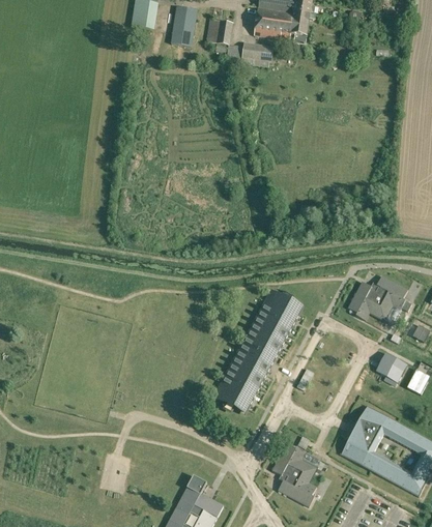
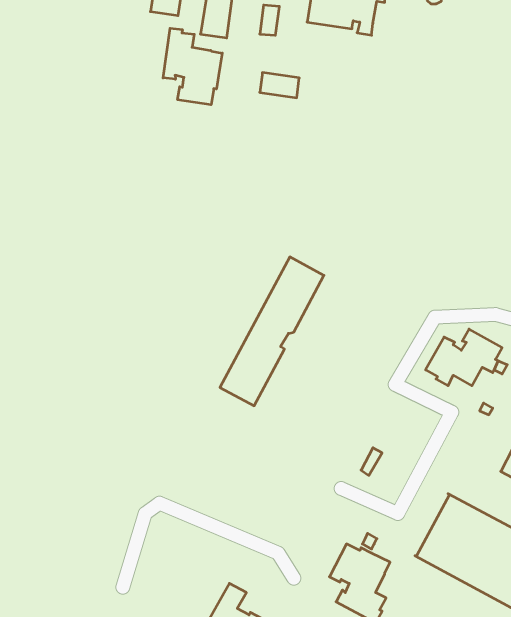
building: none -> [163,28,222,105]
building: [241,41,272,61] -> [260,73,299,98]
building: [219,294,300,411] -> [220,257,324,406]
building: [376,352,407,381] -> none

